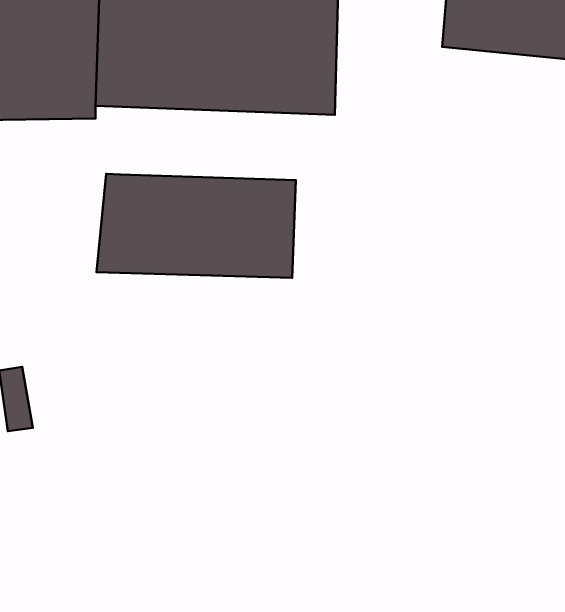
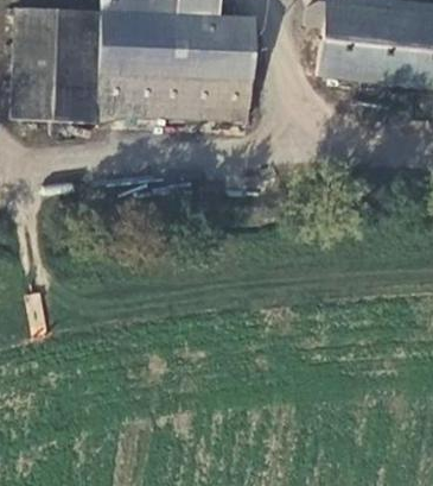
building: [96,174,296,278] -> none

